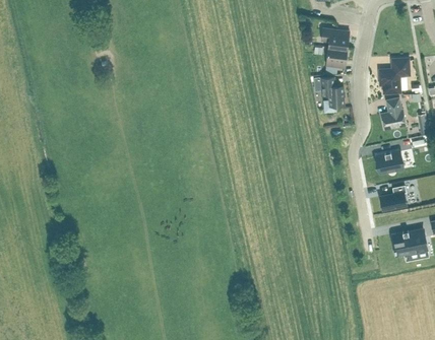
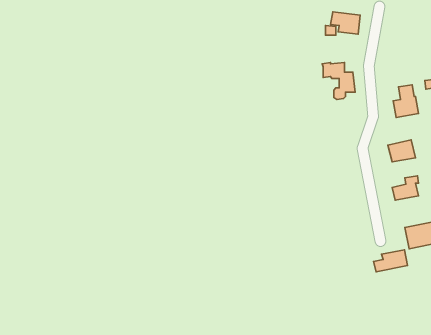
building: [324,47,348,74] -> none
building: [379,58,409,92] -> none
building: none -> [373,250,408,272]

